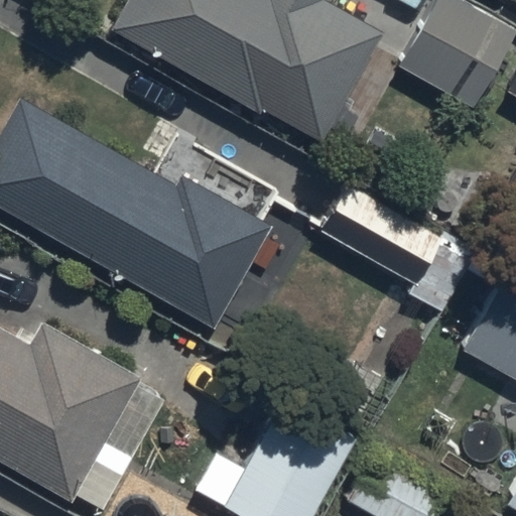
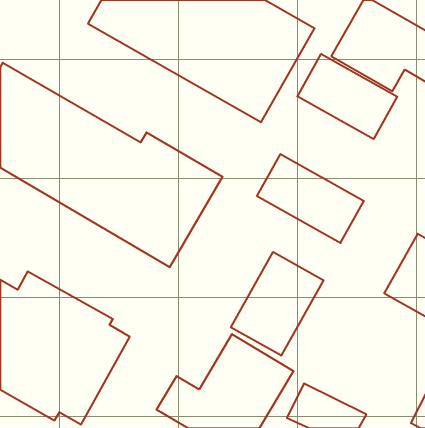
building: none -> [297,54,397,139]
building: none -> [231,252,323,356]

